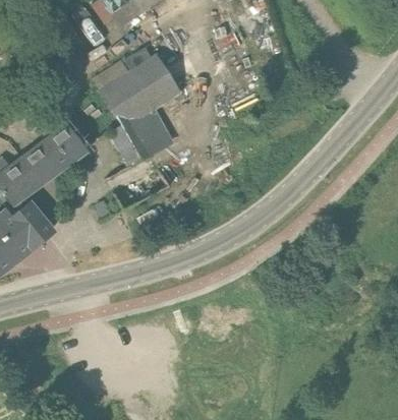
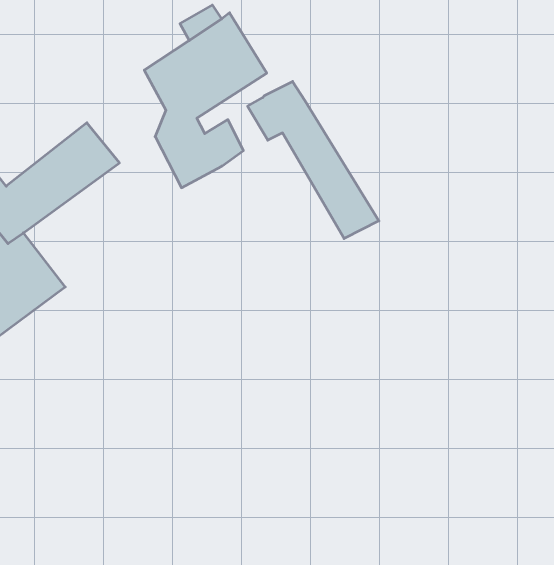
building: none -> [248,81,379,239]

